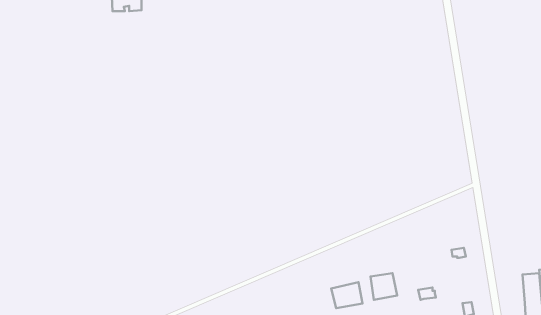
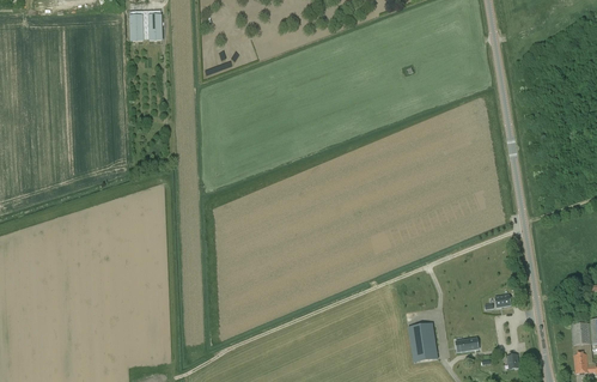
building: [331,282,363,308] -> none

